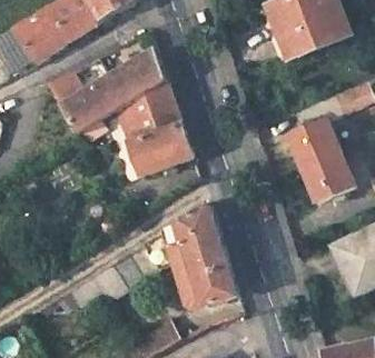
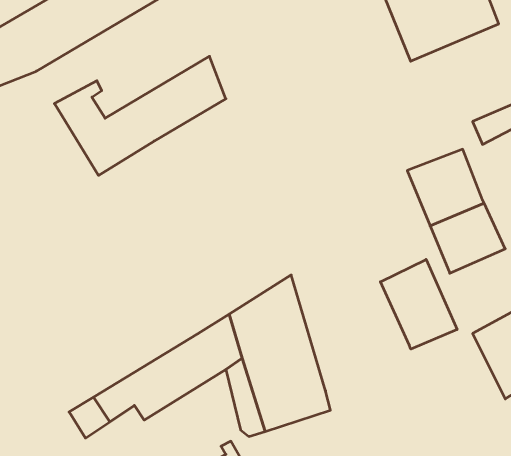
building: [116,80,193,175] -> none
building: none -> [380,259,457,349]

